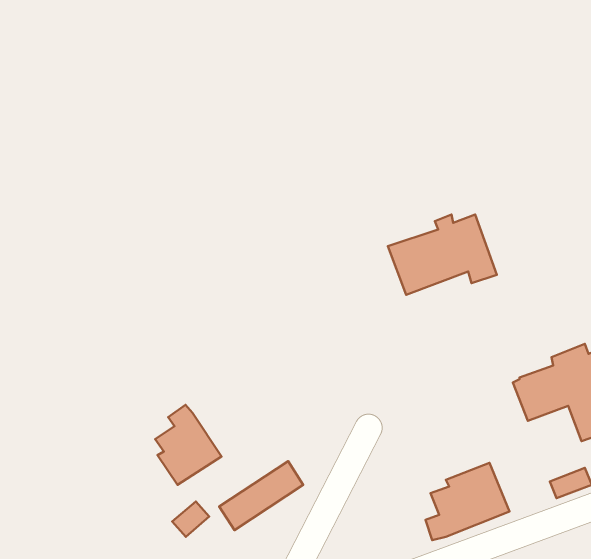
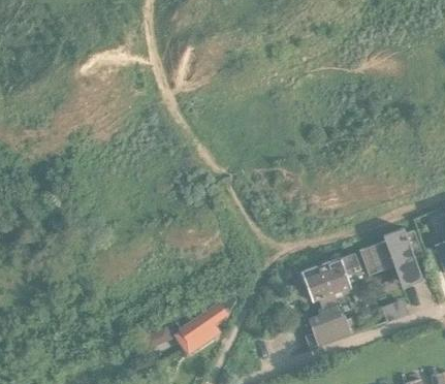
building: [388,214,497,295] -> [299,254,367,303]
building: [155,405,221,485] -> none

